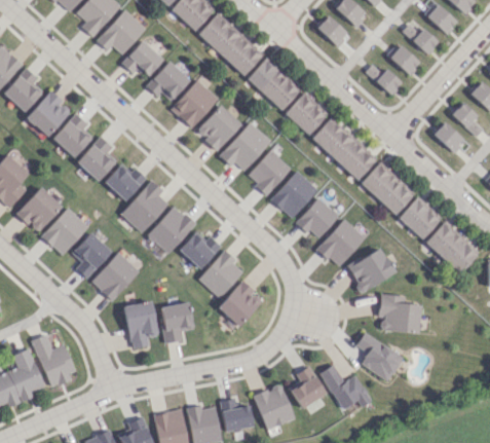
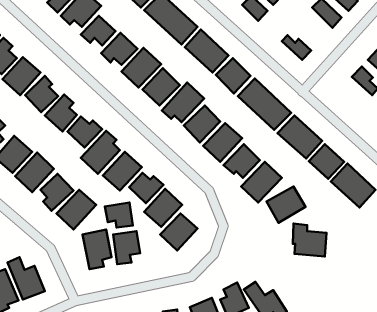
building: [390,44,420,75] -> none
building: [434,121,465,153] -> none
building: none -> [105,202,133,227]
building: [356,333,404,380] -> none

